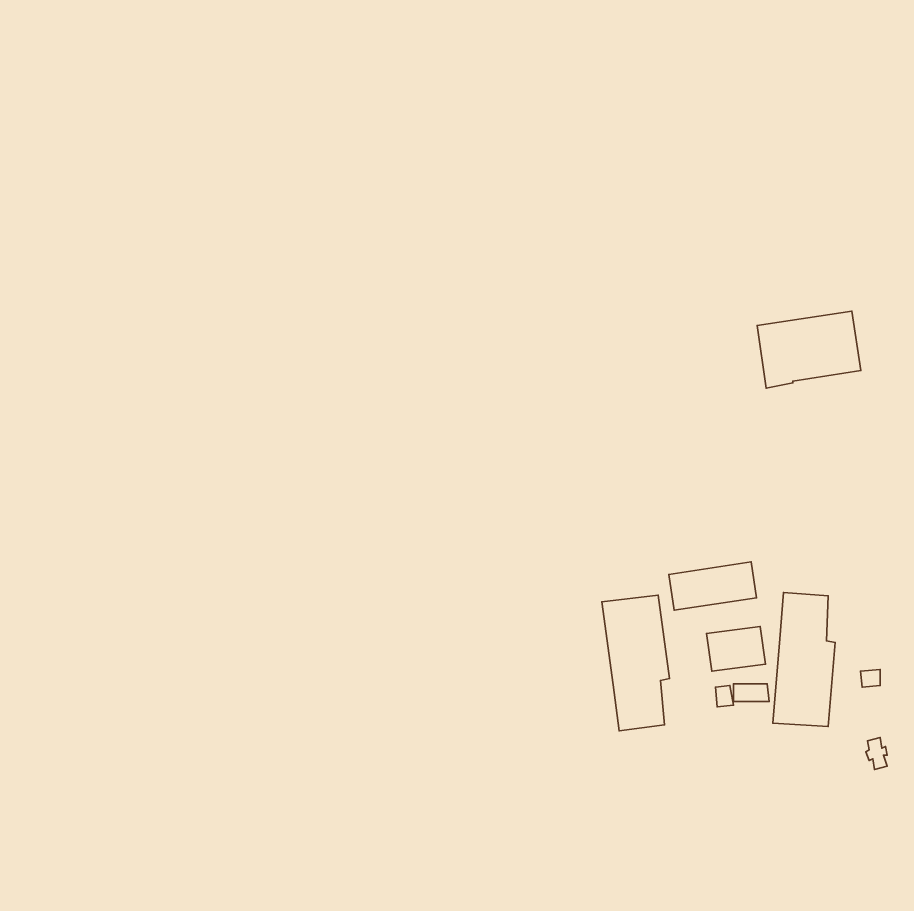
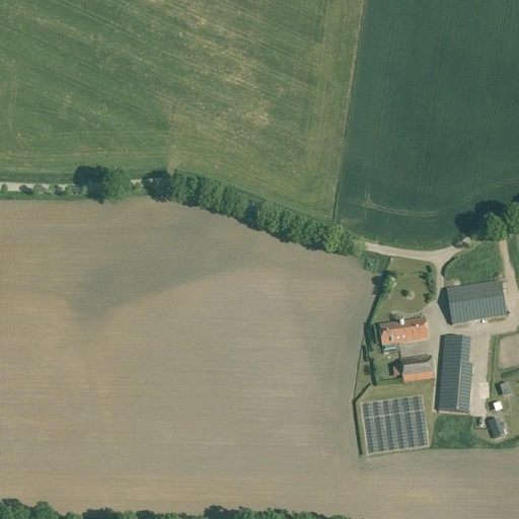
building: [757,311,861,388] -> [447,281,506,324]
building: [602,595,669,731] -> none

